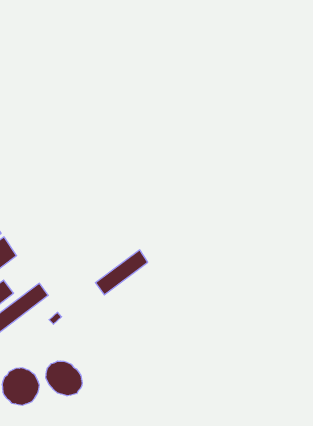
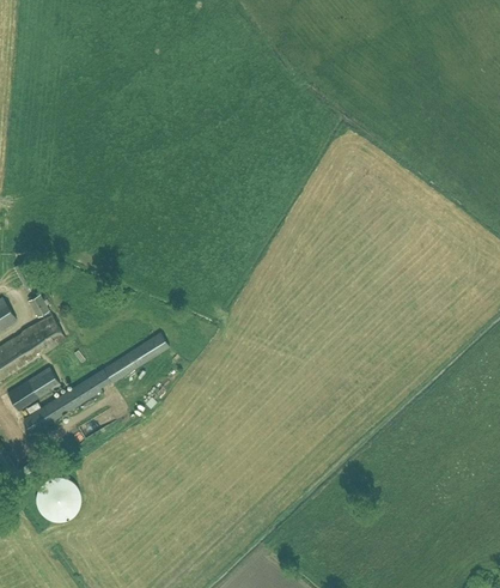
building: [95,250,148,295] -> [103,332,169,383]
building: [46,361,82,396] -> none

